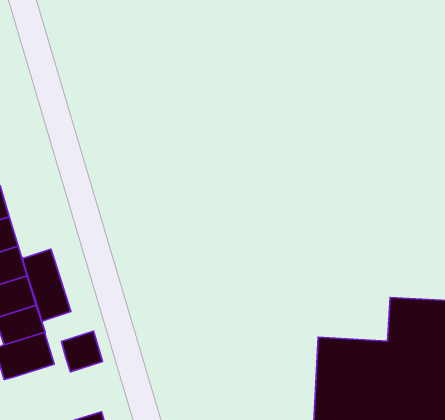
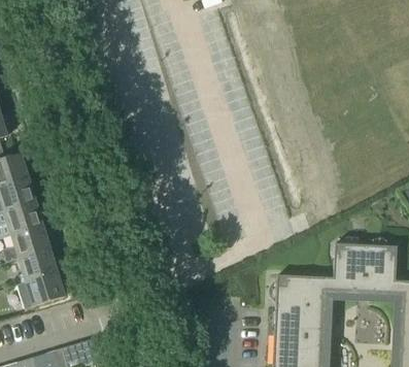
building: [22,249,71,322] -> none
building: [61,331,103,372] -> none

